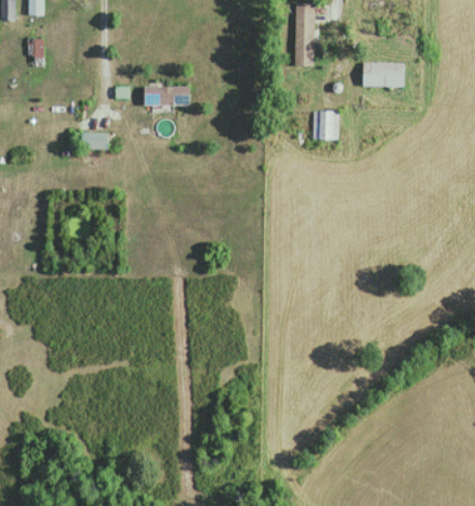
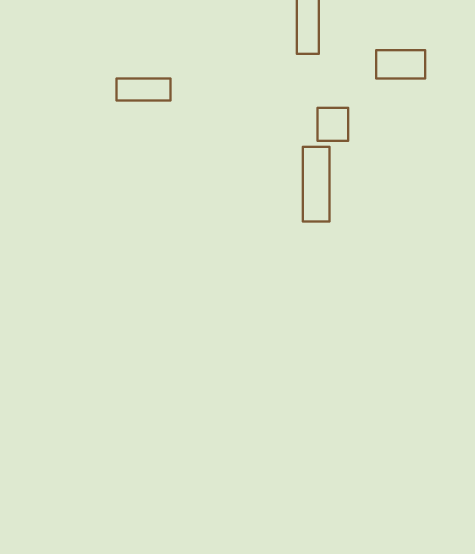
building: [82,131,110,149] -> none
building: none -> [303,147,330,221]

